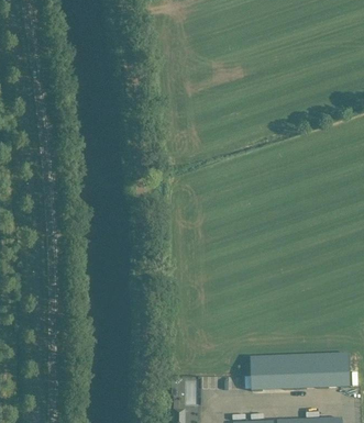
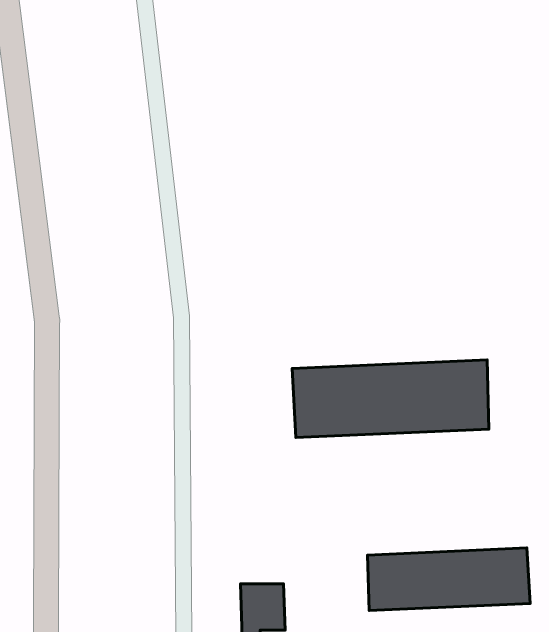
building: none -> [292,360,489,438]

